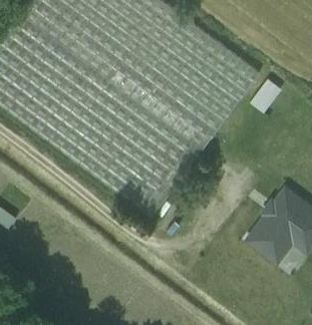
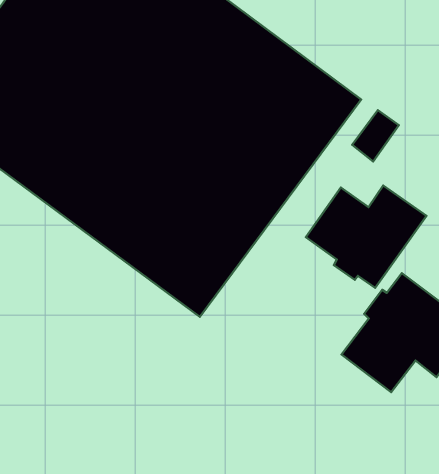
building: none -> [306,185,426,288]

